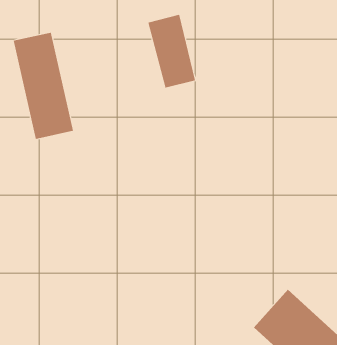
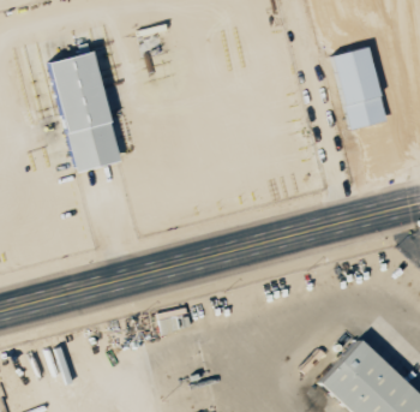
building: [148,14,196,88] -> [334,47,388,130]

